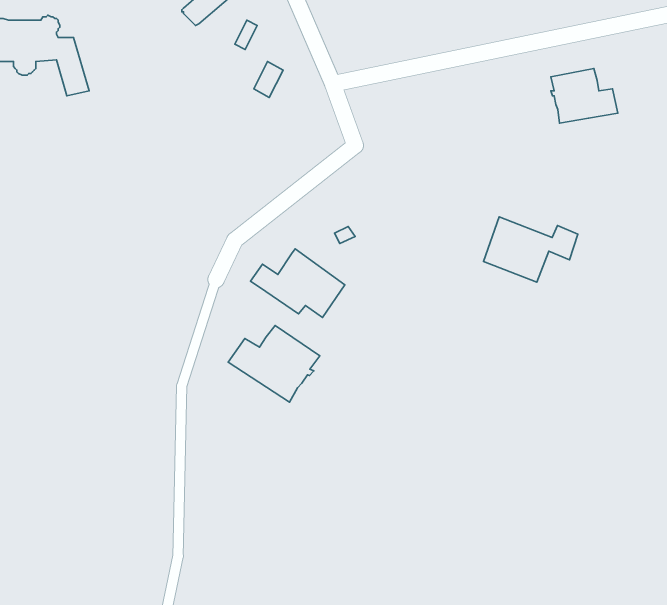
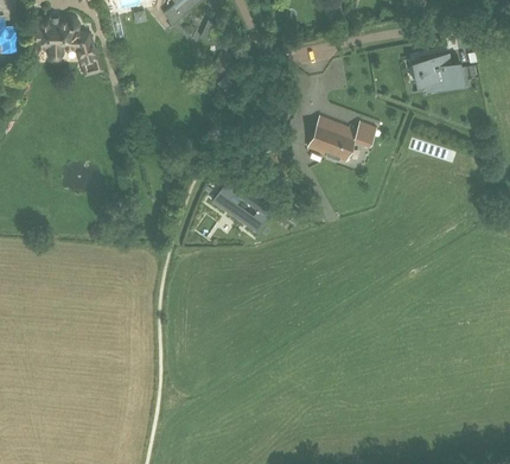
building: [484,217,578,282] -> [308,116,374,161]
building: [228,325,320,402] -> none

